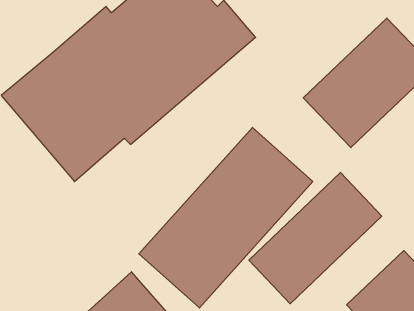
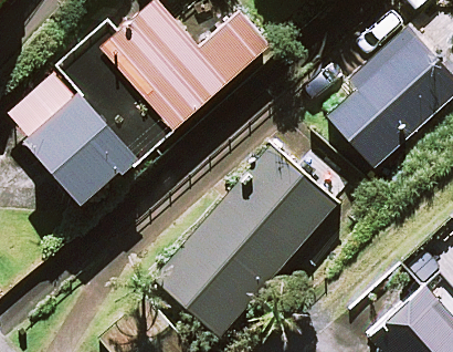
building: [249,172,382,304] -> none

